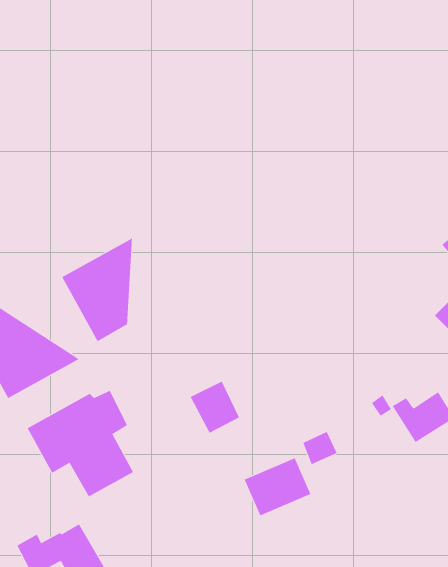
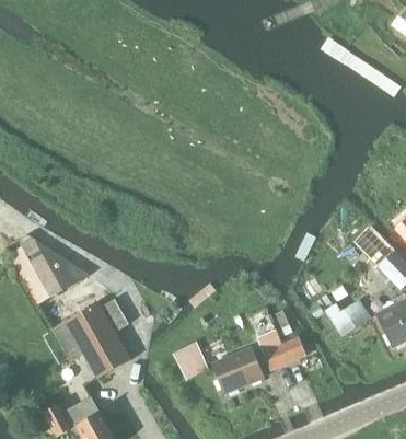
building: [61,238,133,342] -> none
building: [190,381,240,434] -> [173,339,210,379]
building: none -> [264,336,306,368]

